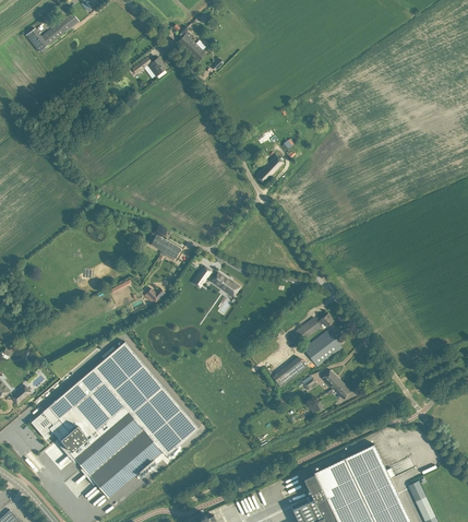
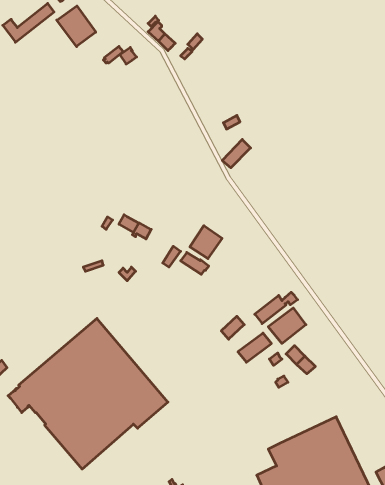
building: none -> [57,6,96,47]
building: none -> [190,226,222,259]

